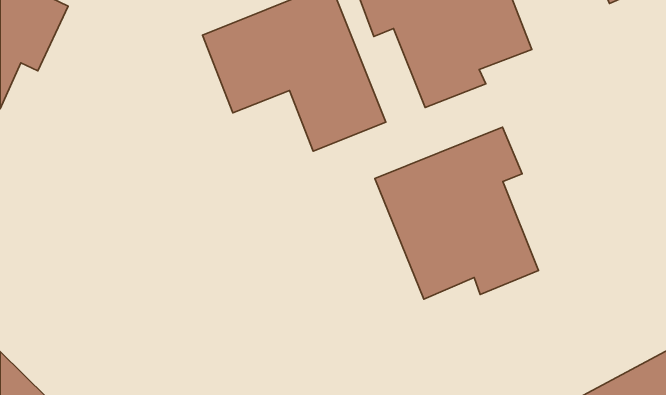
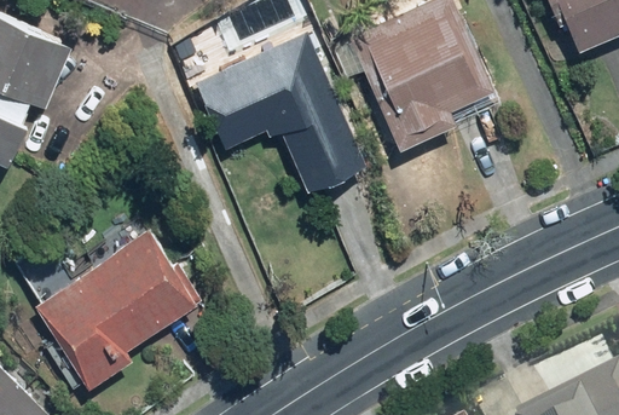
building: [375,127,538,299] -> none
building: none -> [34,231,191,386]

